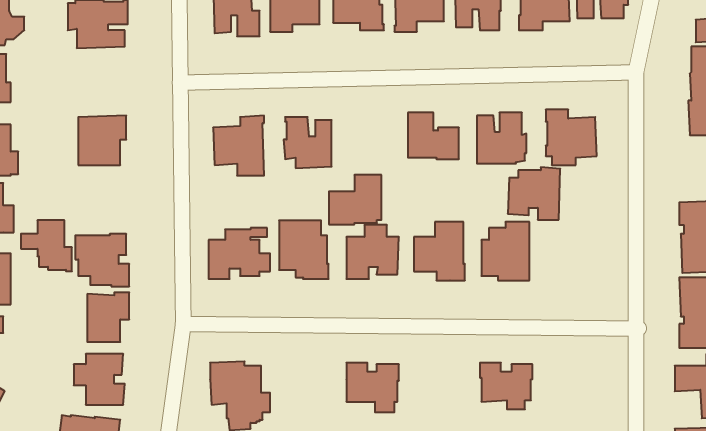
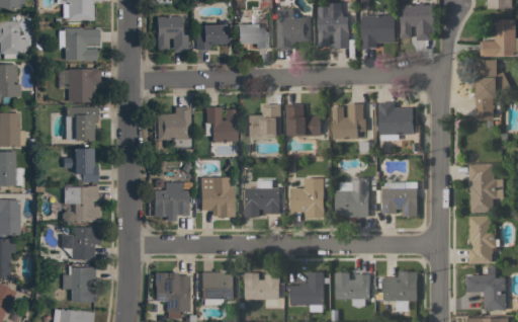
building: none -> [66,68,98,102]
building: [508,167,560,220] -> [382,181,418,217]
building: [329,175,381,224] -> [246,104,281,138]
building: [21,220,72,271] -> [62,149,96,183]
building: none -> [384,271,418,301]
building: none -> [199,272,234,305]
building: none -> [290,272,324,312]

